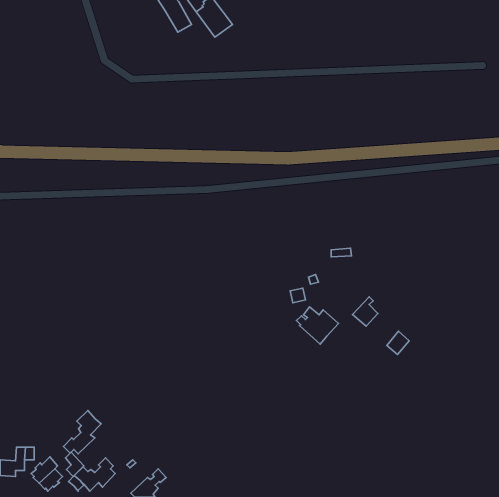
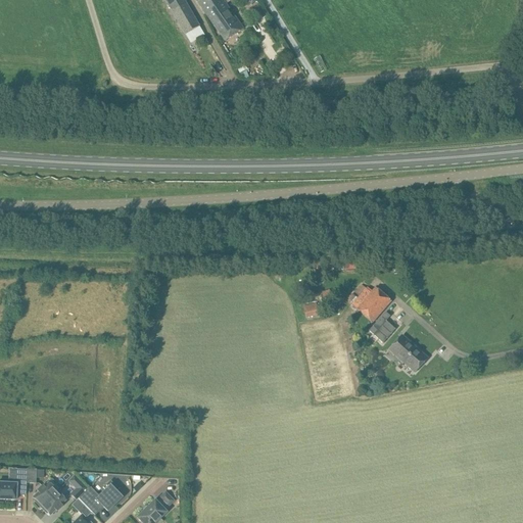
building: [297,307,339,344] -> [348,283,392,322]
building: none -> [389,334,417,362]
building: [63,410,101,454] -> none

